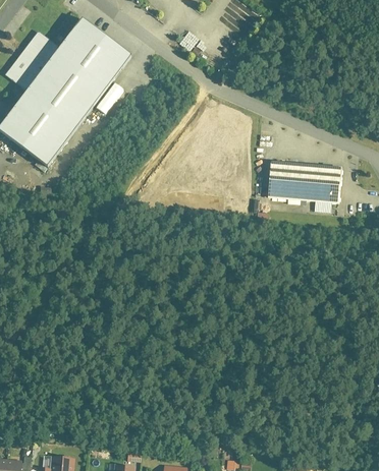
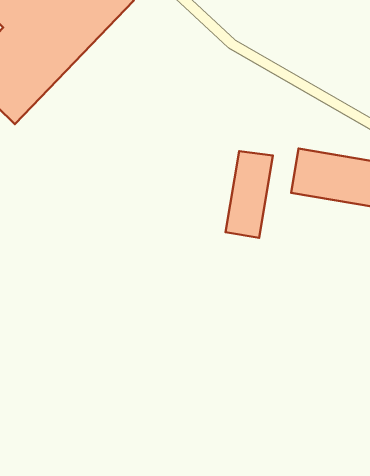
building: none -> [225,151,273,238]

